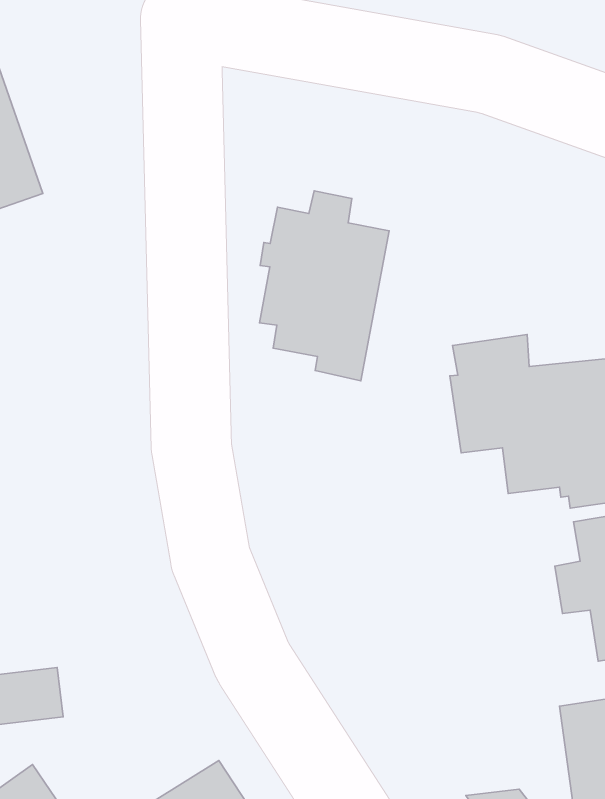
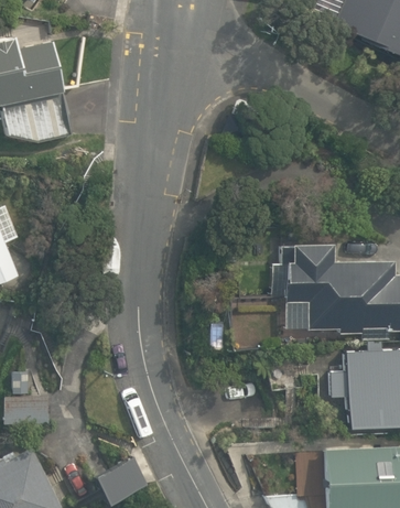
building: [259,191,389,381] -> none

